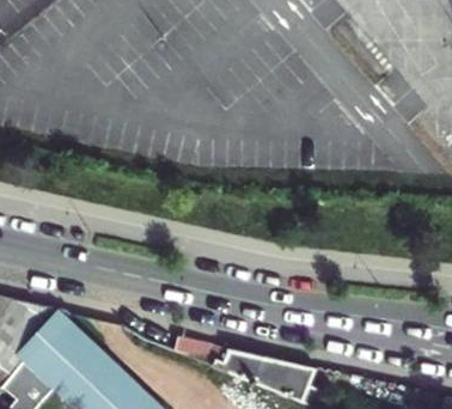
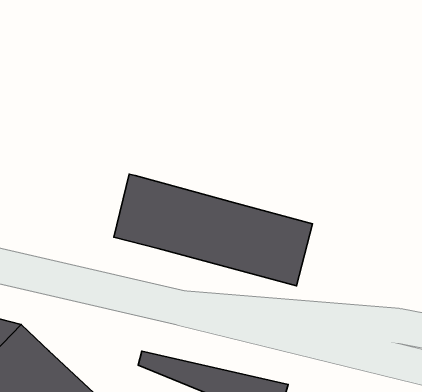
building: none -> [114,174,312,286]

